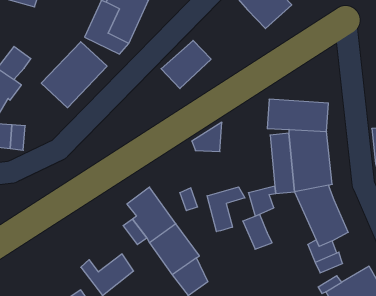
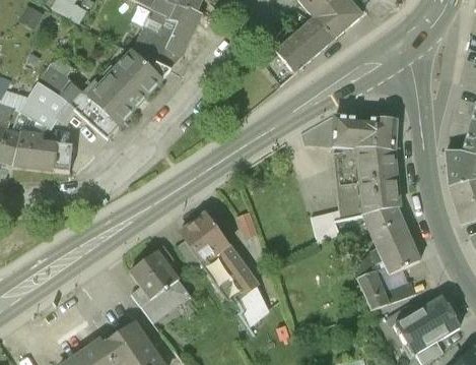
building: [161,40,211,89] -> [276,18,330,70]
building: none -> [59,81,117,136]
building: [192,122,222,152] -> [301,115,334,146]
building: [207,187,245,232] -> none
building: [243,214,272,249] -> [357,271,389,309]
building: none -> [129,246,176,301]

